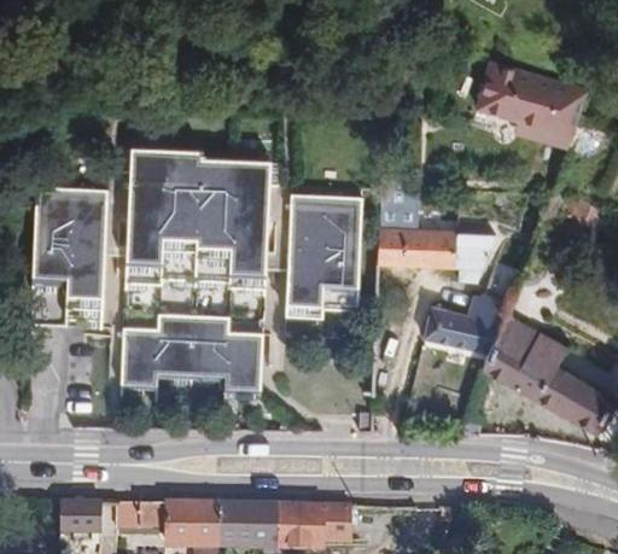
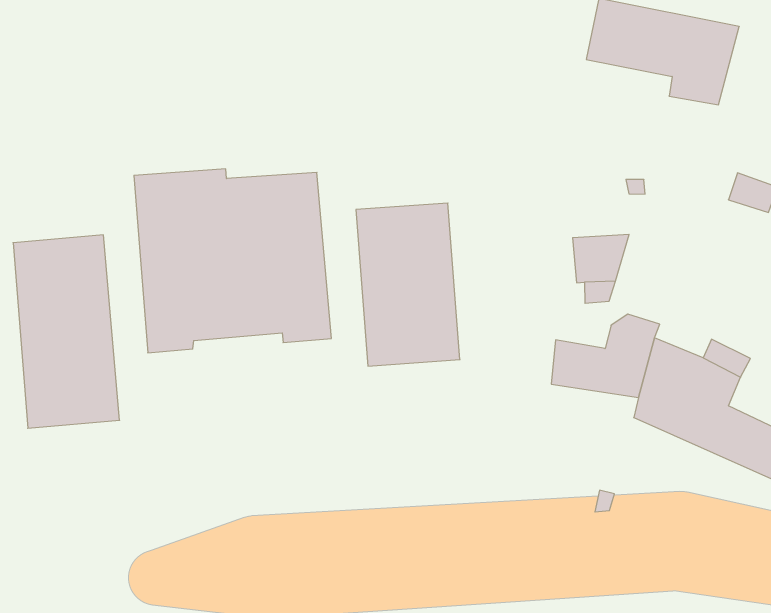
building: [377,228,450,264] -> none
building: [124,322,263,397] -> none

